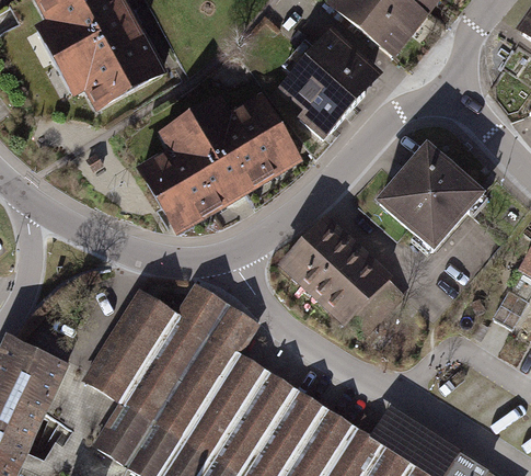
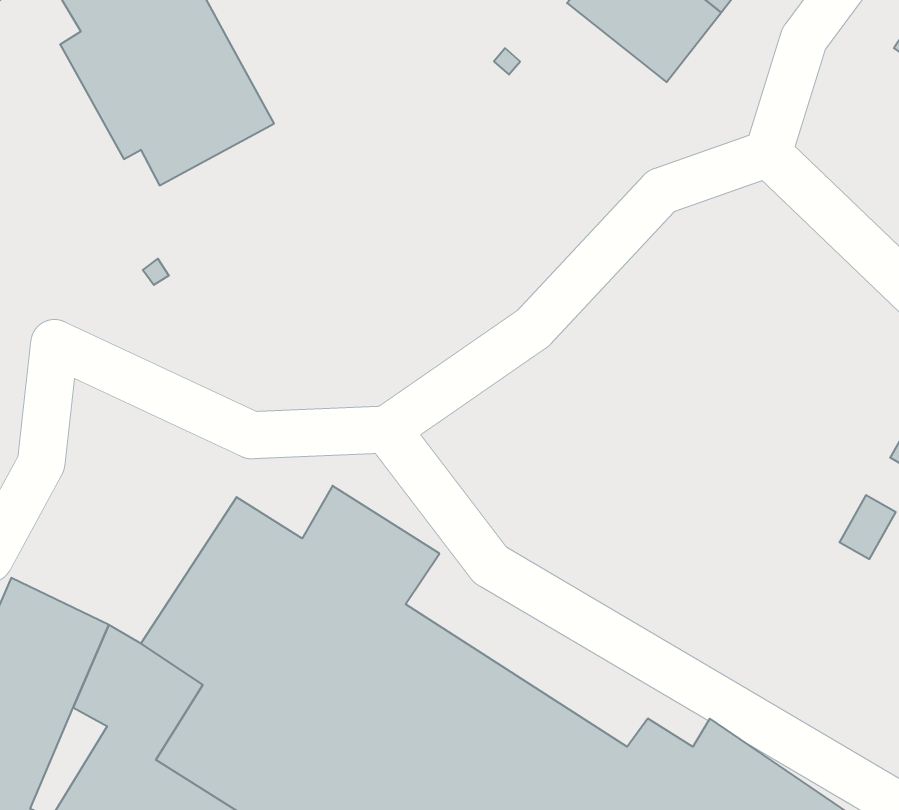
building: [285,33,370,136] -> none
building: [142,99,295,227] -> none
building: [379,146,485,252] -> none
building: [282,217,390,325] -> none

